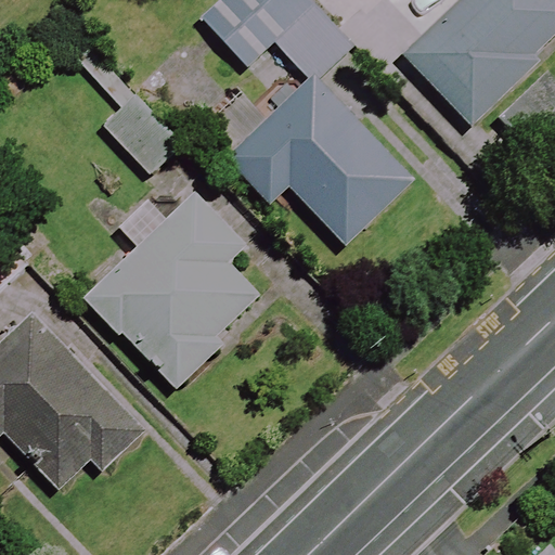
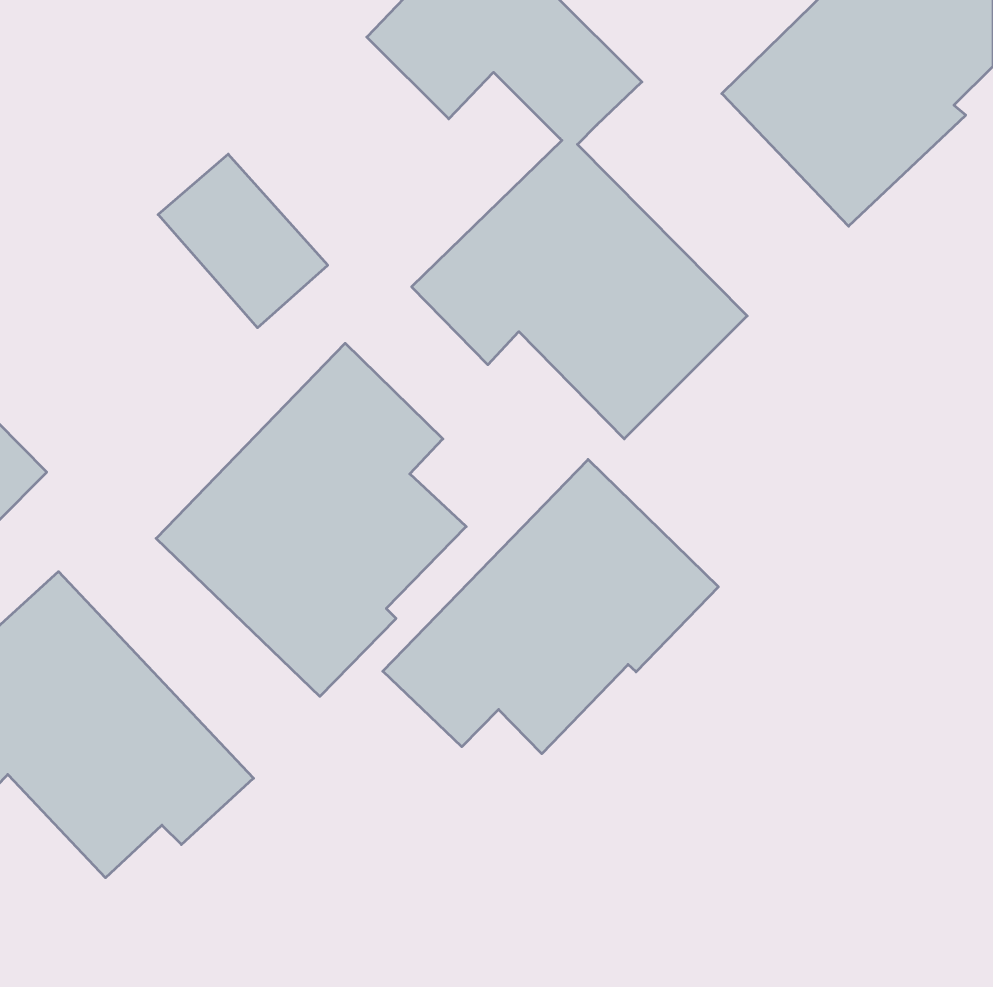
building: none -> [383,459,718,754]

